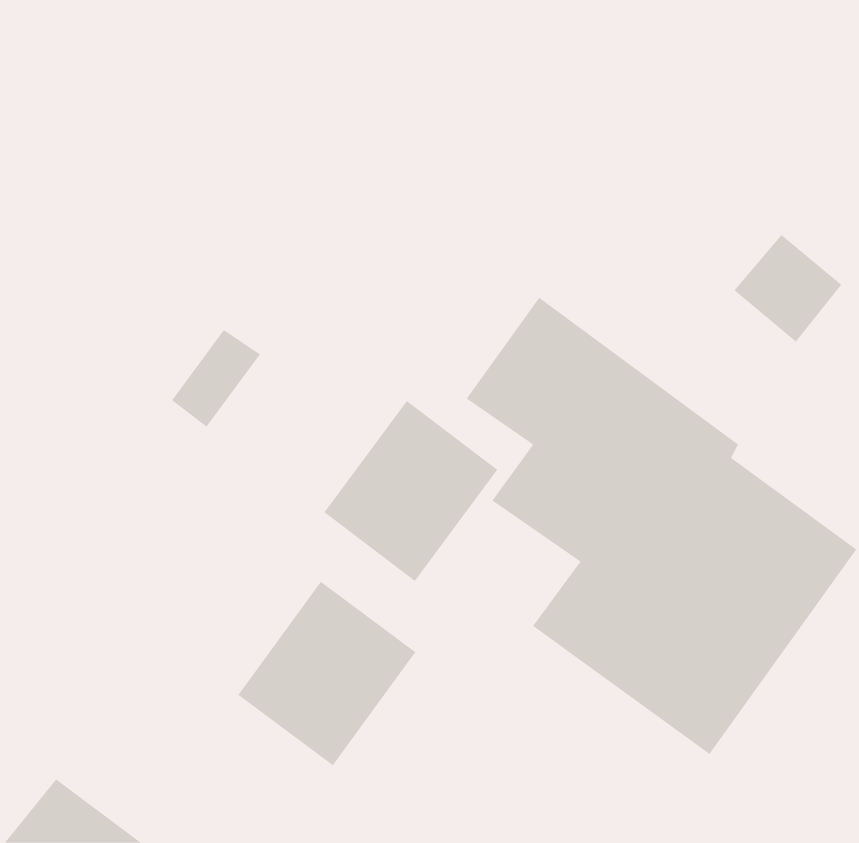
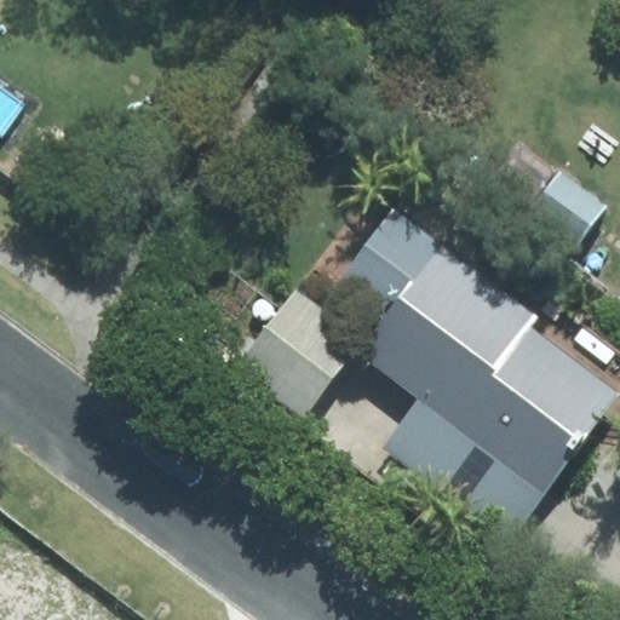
building: [237,581,416,766] -> none

